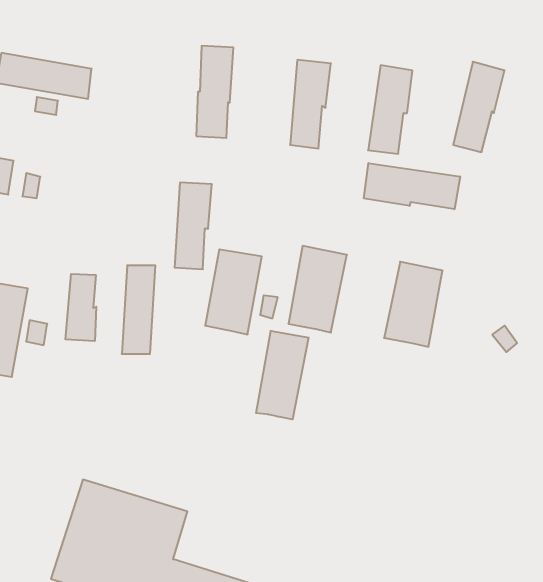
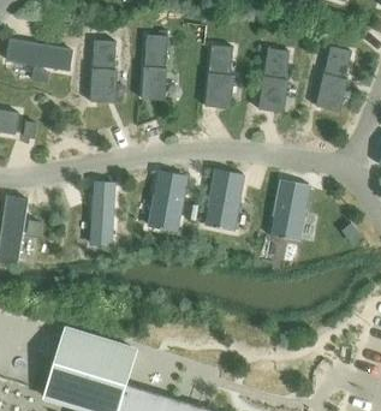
building: [364,163,460,209] -> none
building: [175,183,212,269] -> [90,40,115,99]
building: [66,274,96,341] -> none
building: [256,331,309,419] -> none

